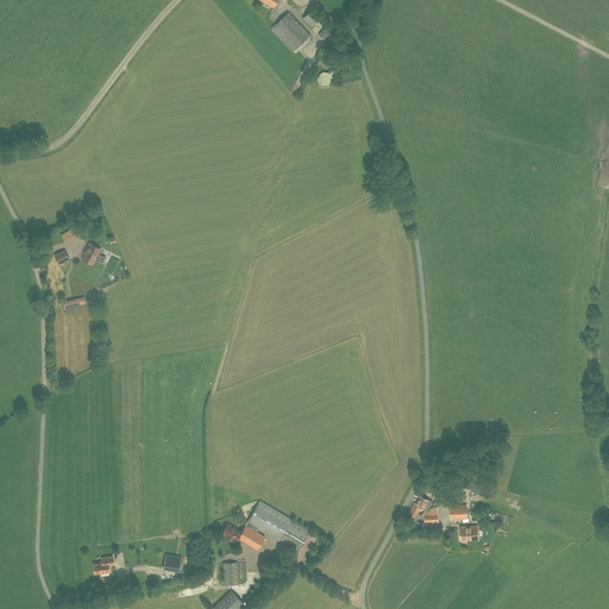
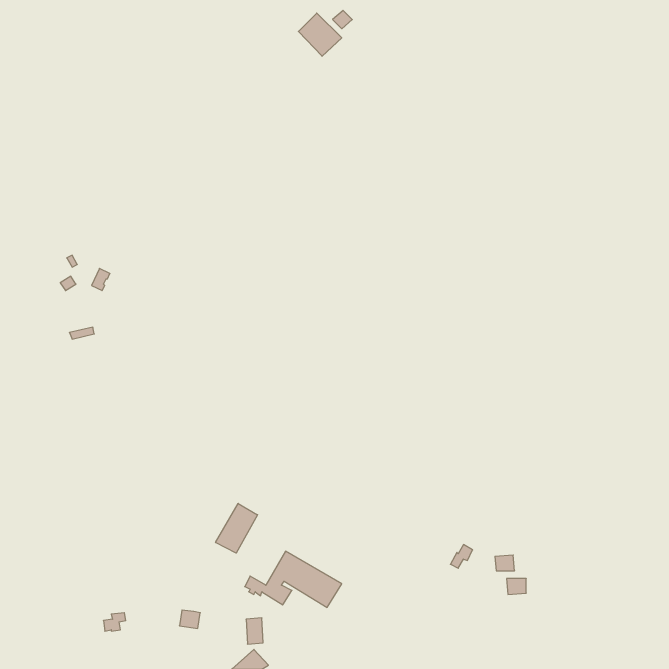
building: none -> [216,503,258,553]

